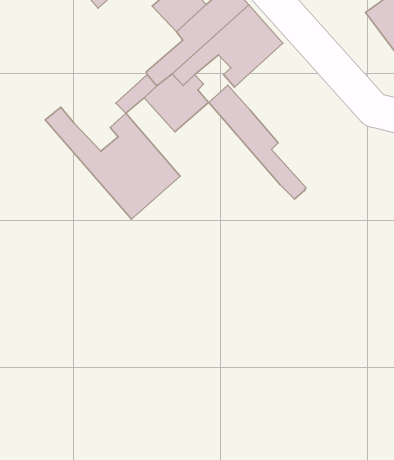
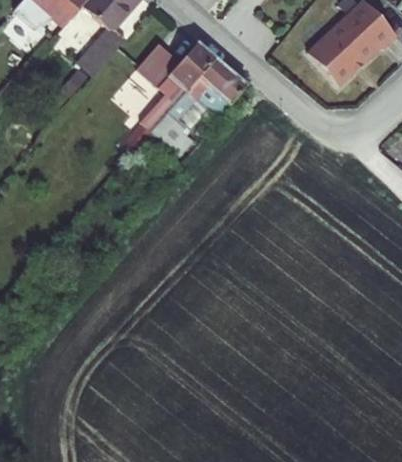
building: [209,85,306,199] -> none
building: [45,107,180,219] -> none

